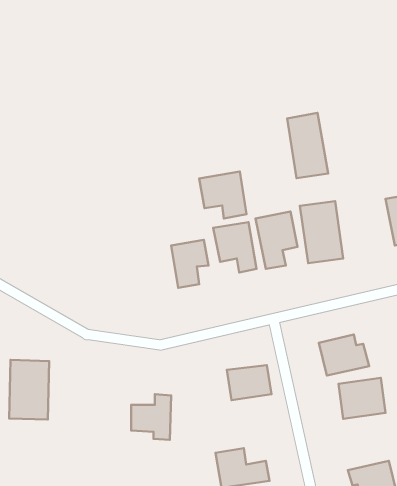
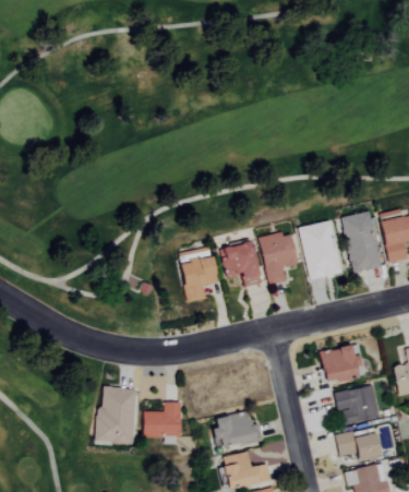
building: [287,113,328,178] -> [344,212,382,273]
building: [199,171,247,219] -> none
building: [9,360,49,420] -> [99,387,136,443]
building: [227,365,271,400] -> [214,415,255,447]
building: none -> [336,432,380,460]

